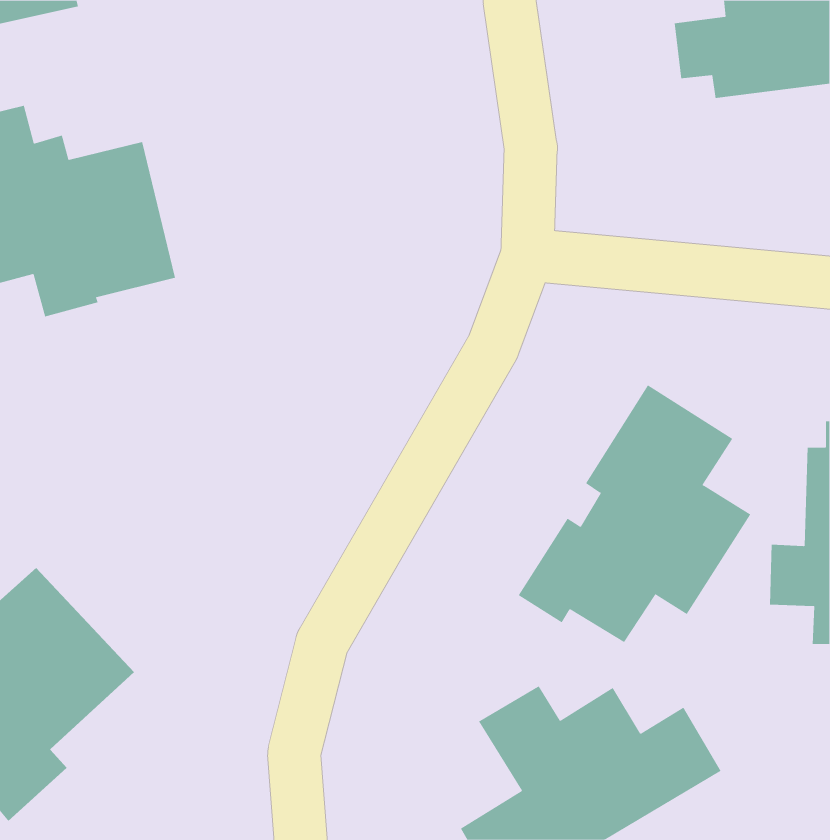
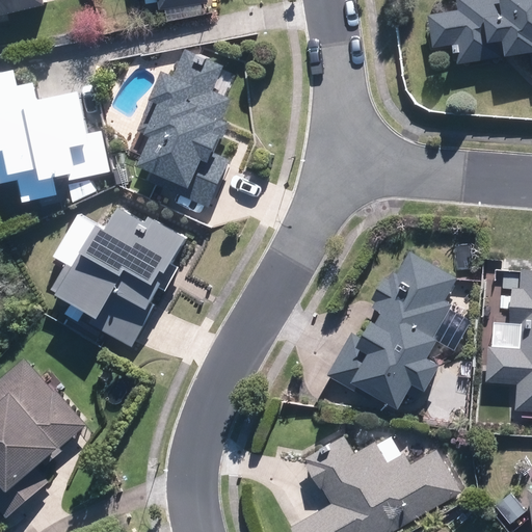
building: none -> [137,49,233,222]
building: none -> [54,200,192,347]

